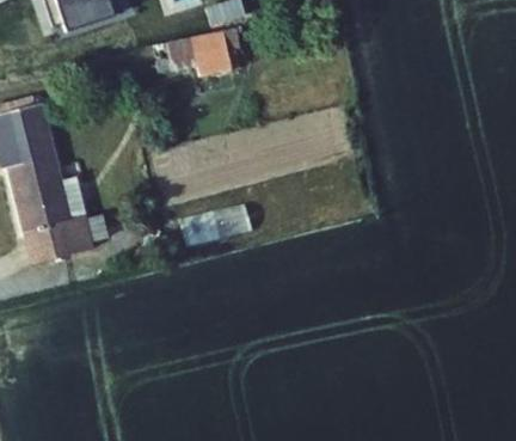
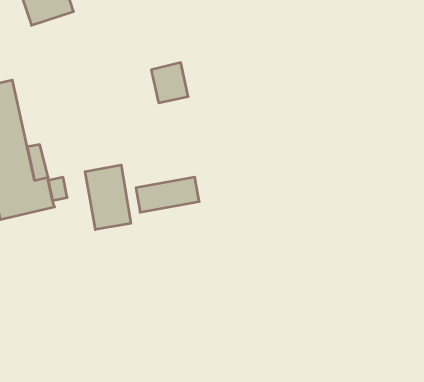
building: [189,18,231,63] -> [151,63,188,103]
building: none -> [85,165,131,230]

